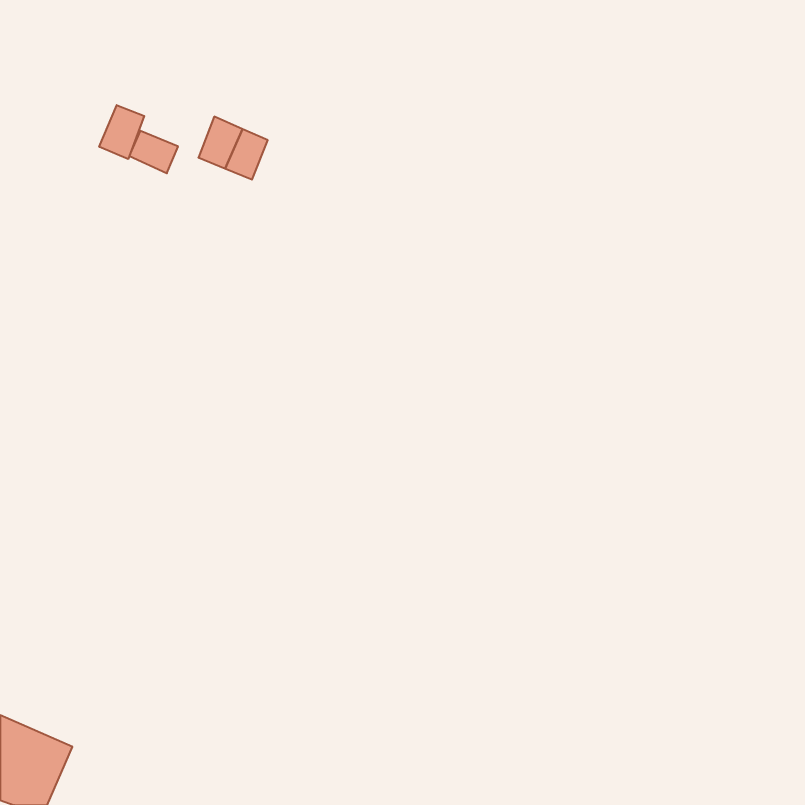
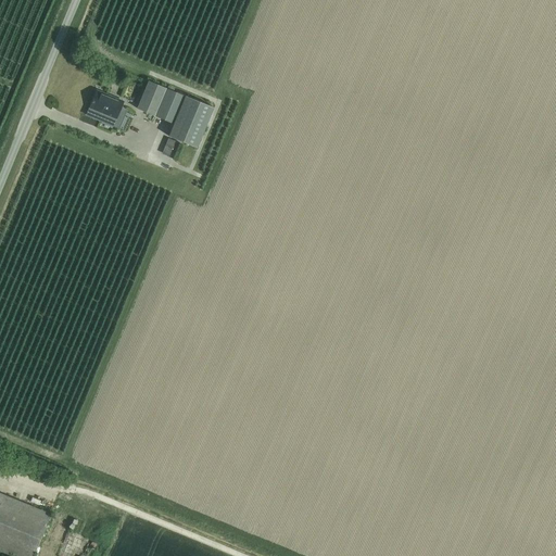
building: [99,105,144,159] -> none
building: none -> [168,97,213,148]

